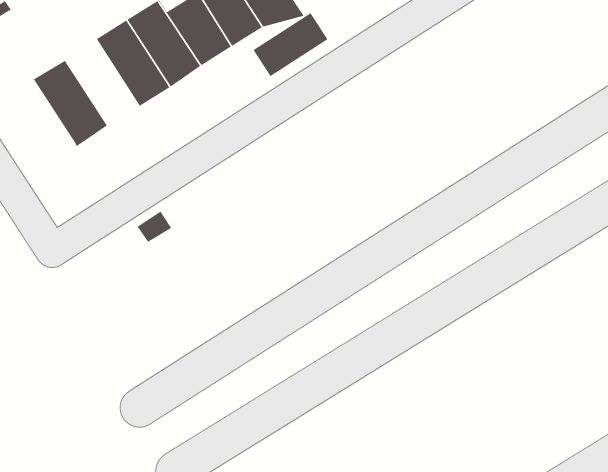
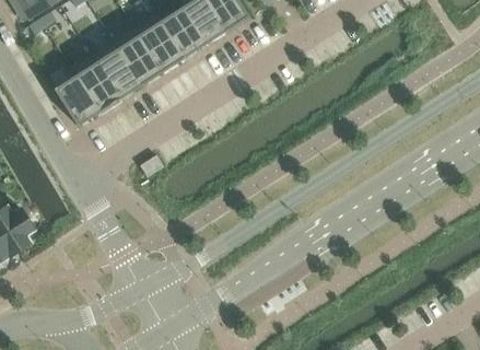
building: [252,12,329,77] -> none
building: none -> [91,37,141,96]
building: none -> [54,65,98,124]

